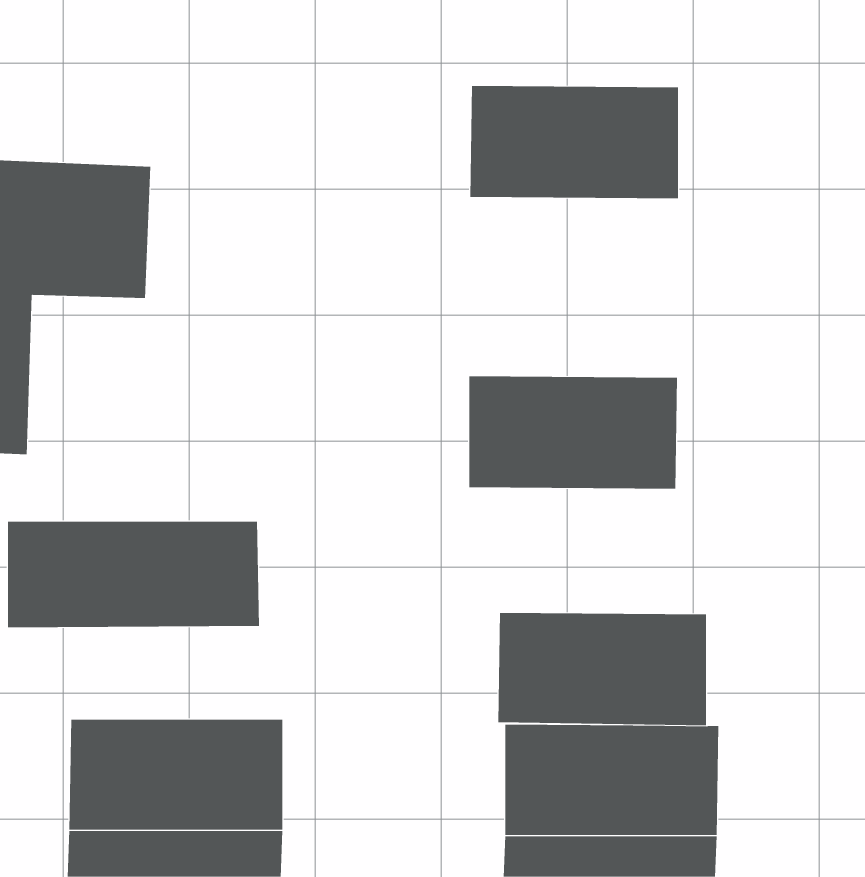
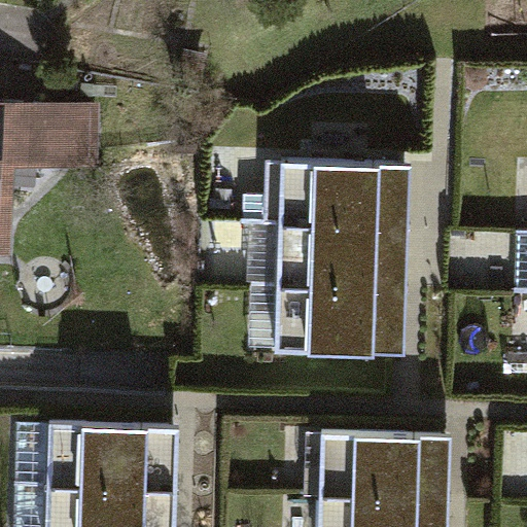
building: [470,86,679,199] -> [281,159,407,226]
building: [8,521,259,628] -> none
building: [497,613,707,726] -> [280,292,406,360]

